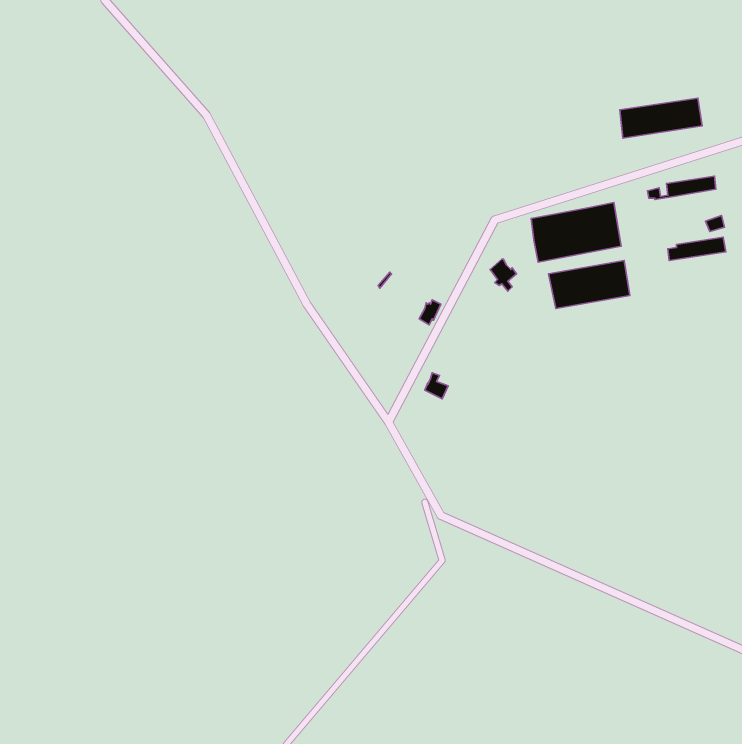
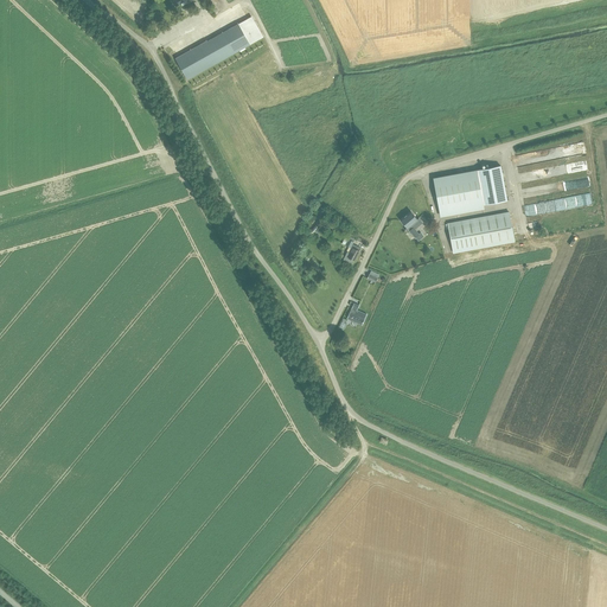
building: none -> [174,18,262,79]
building: [620,98,702,138] -> none

